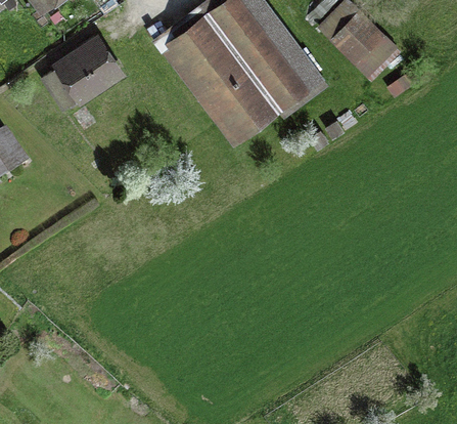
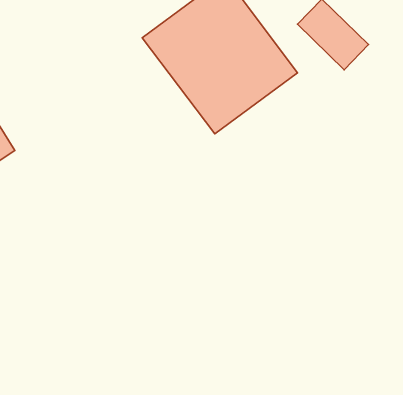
building: [43,40,121,108] -> none

